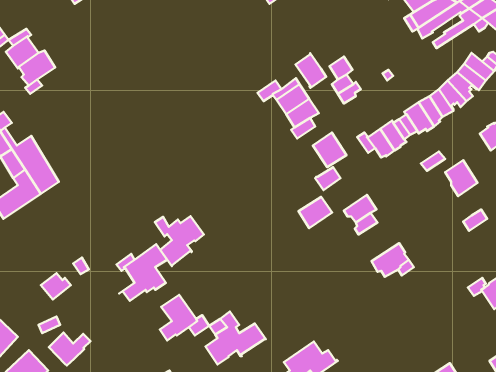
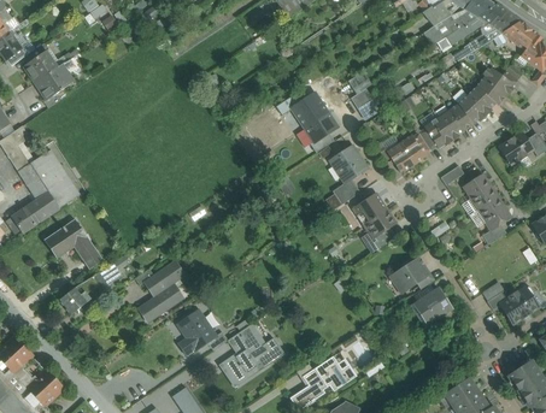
building: [295,53,326,88] -> none
building: none -> [477,197,510,230]
building: [298,197,332,228] -> [352,194,386,225]
building: none -> [47,219,102,270]
building: [155,216,204,266] -> none
building: none -> [413,289,452,325]
building: [49,333,91,365] -> none

